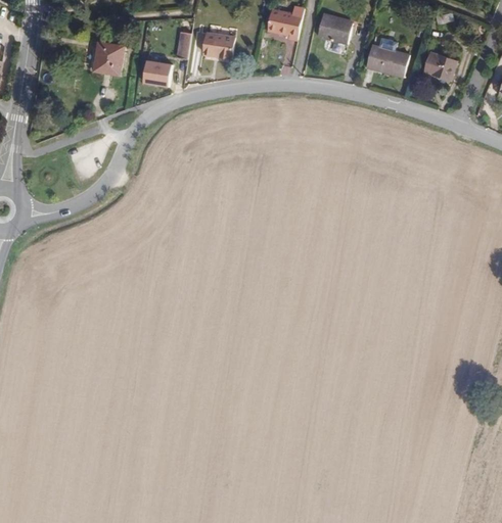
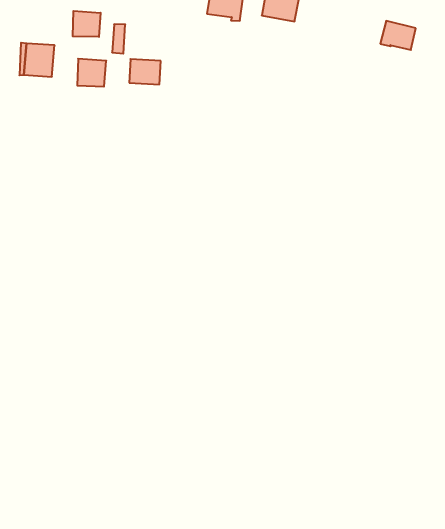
building: none -> [73,11,101,37]
building: [203,33,234,58] -> [129,59,161,84]
building: [366,45,409,77] -> none

